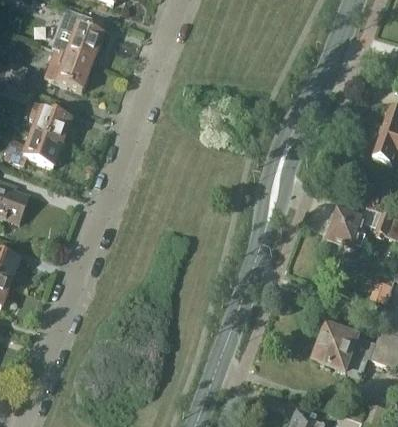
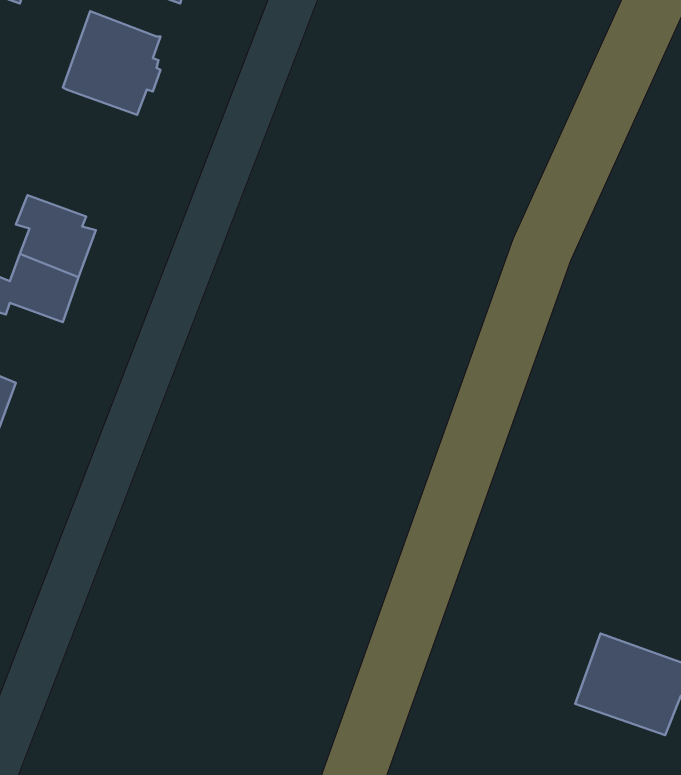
building: [44,47,90,89] -> none
building: [327,208,363,245] -> none

